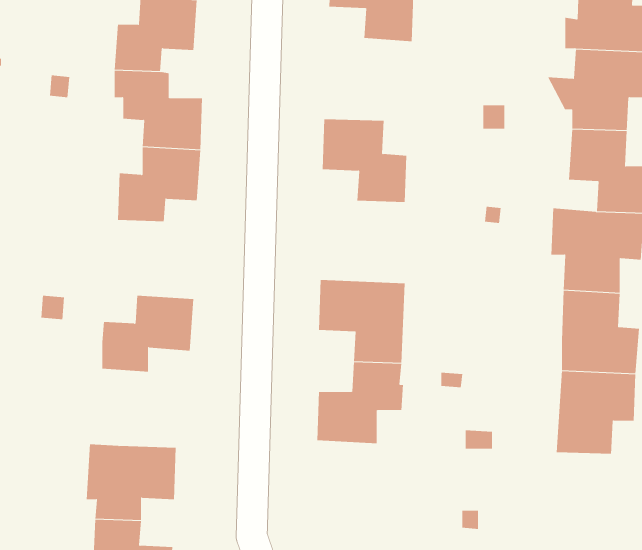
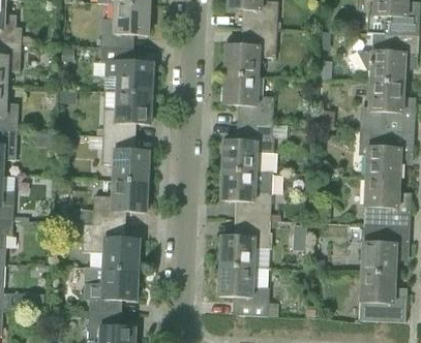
building: none -> [223,26,276,74]
building: none -> [221,122,273,170]
building: none -> [100,133,148,180]
building: none -> [81,221,139,268]
building: none -> [218,263,269,314]
building: none -> [359,271,405,320]

